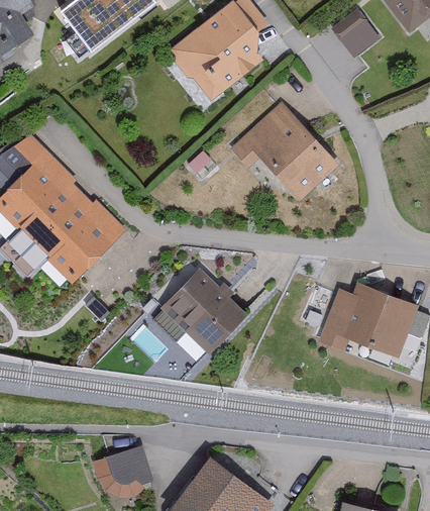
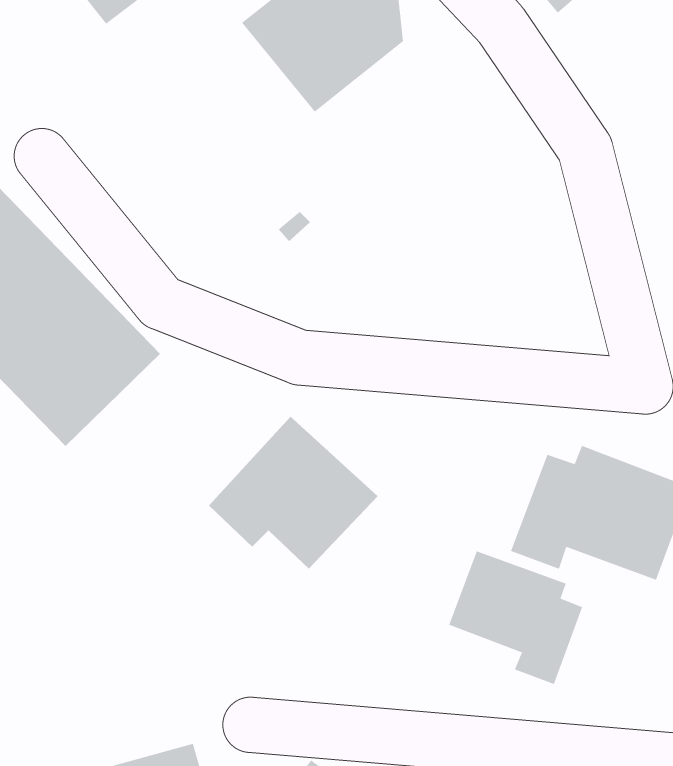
building: [232,104,338,203] -> none
building: none -> [449,551,583,685]

